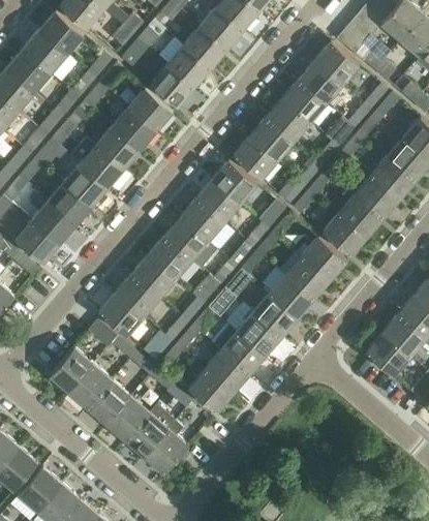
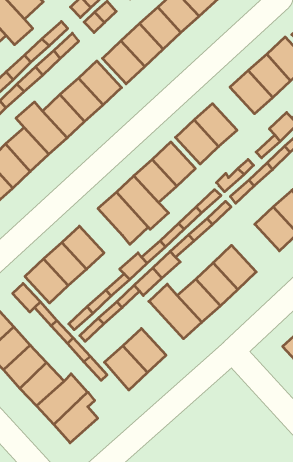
building: [266,98,309,141] -> none
building: [147,236,191,279] -> none
building: [302,237,346,280] -> none
building: [211,324,265,374] -> none

